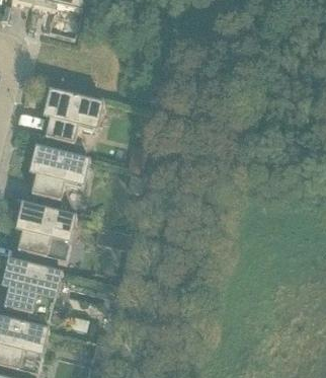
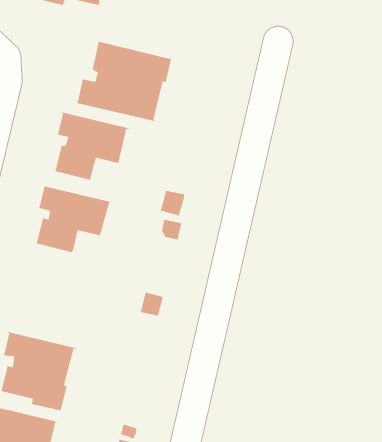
building: none -> [73,41,172,122]
building: [17,201,76,259] -> none

